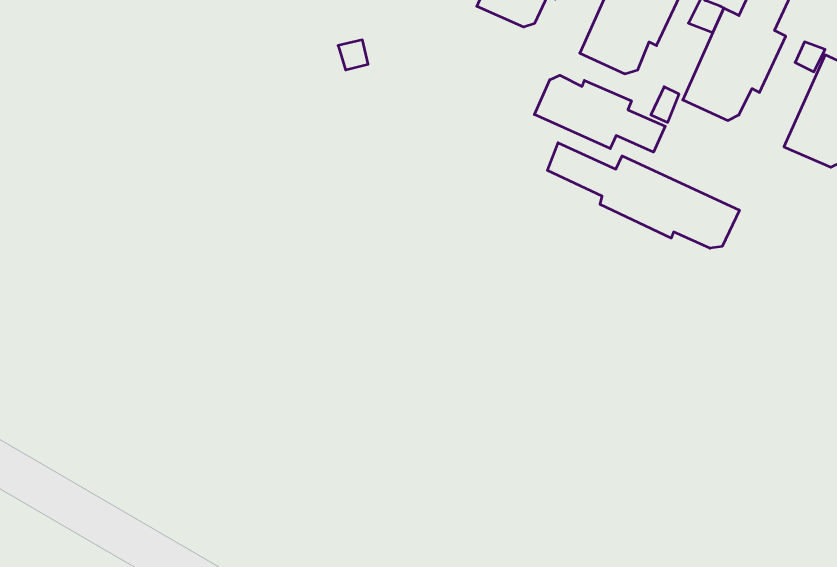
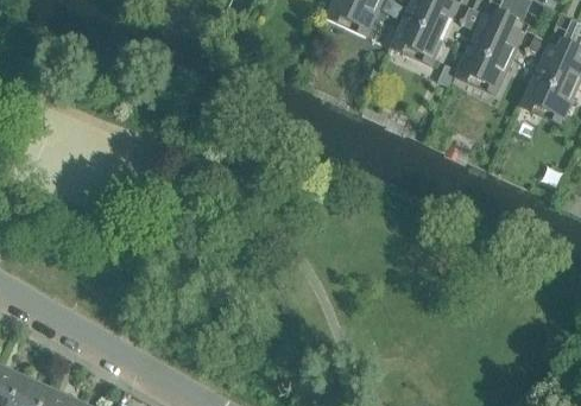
building: [534,75,665,152] -> none
building: [547,143,739,248] -> none

